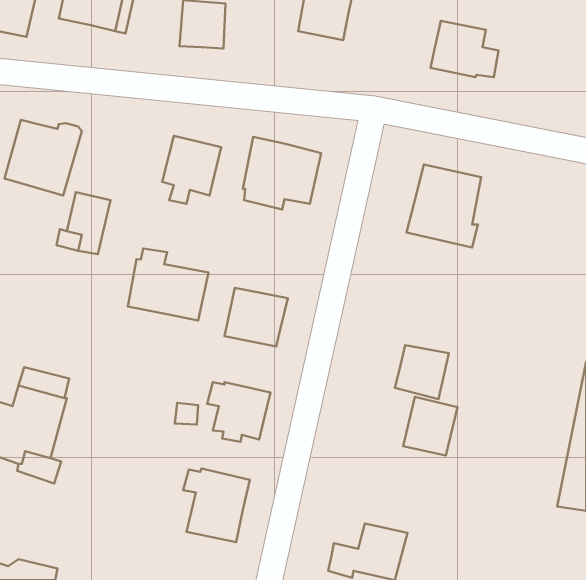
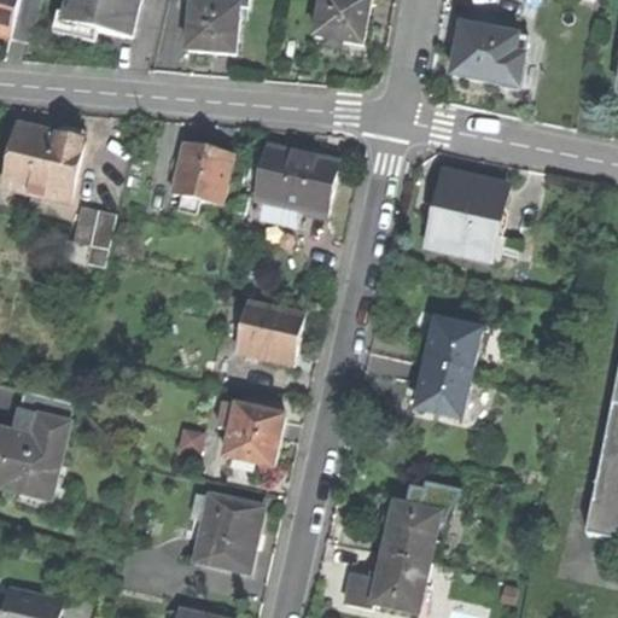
building: [128,248,209,321] -> none
building: none -> [425,316,480,371]
building: [403,397,457,455] -> [383,497,439,559]

